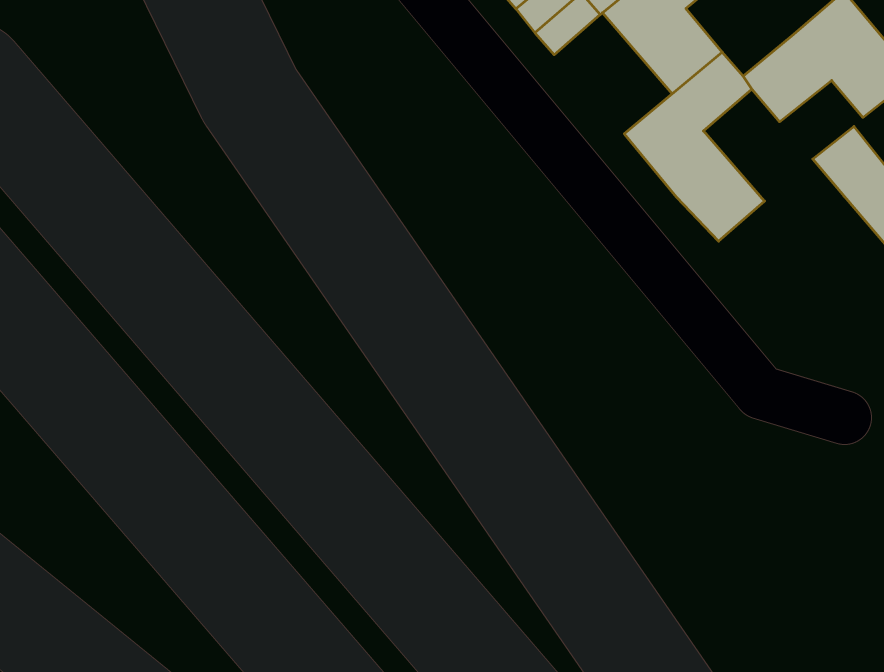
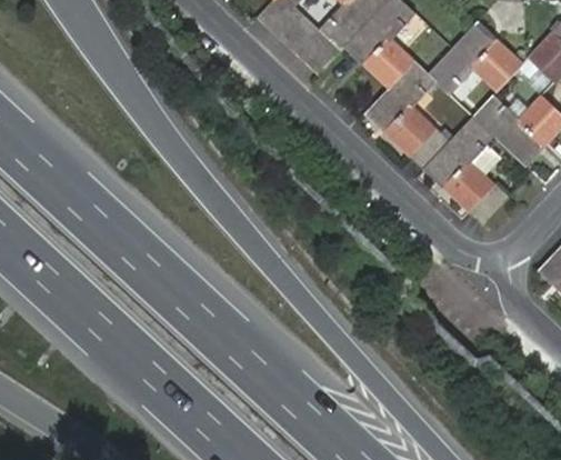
building: none -> [424,116,509,224]

